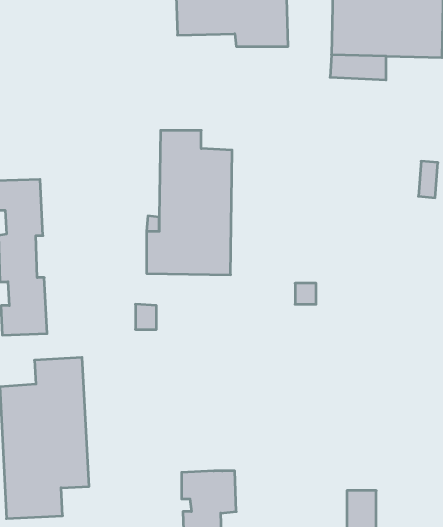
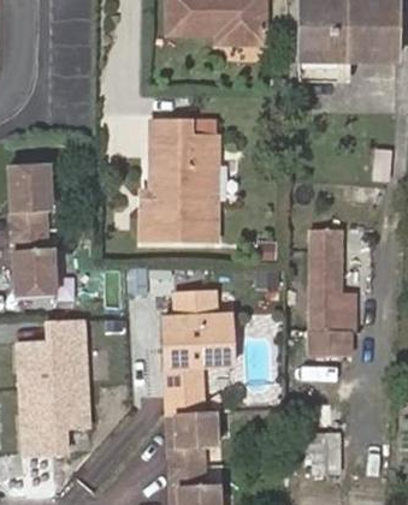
building: none -> [307,227,354,352]
building: none -> [167,292,236,414]

